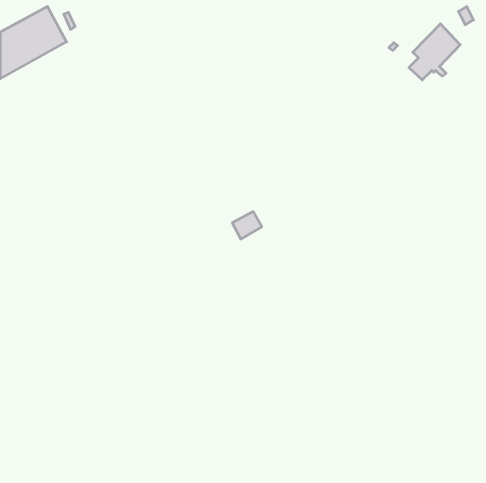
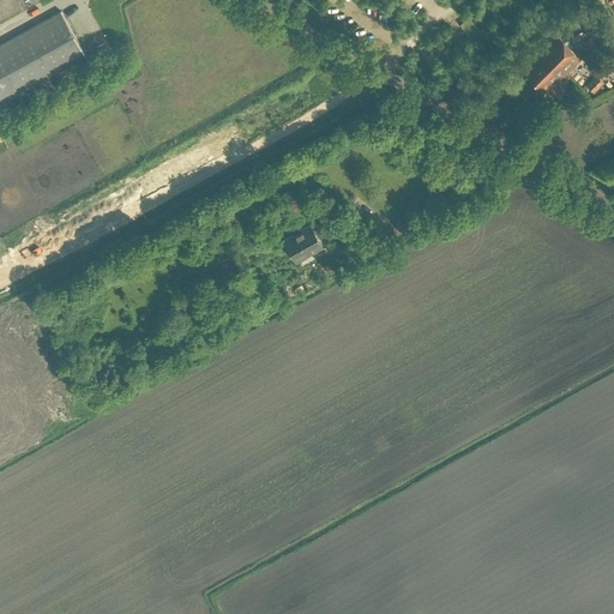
building: [232,212,262,239] -> [282,228,319,263]

